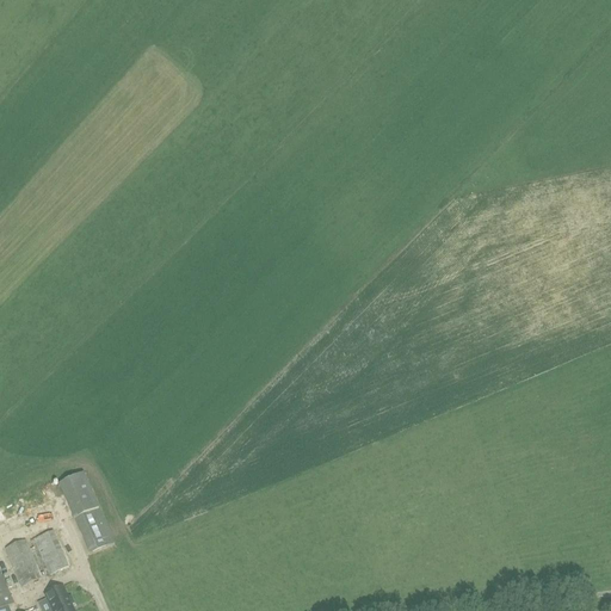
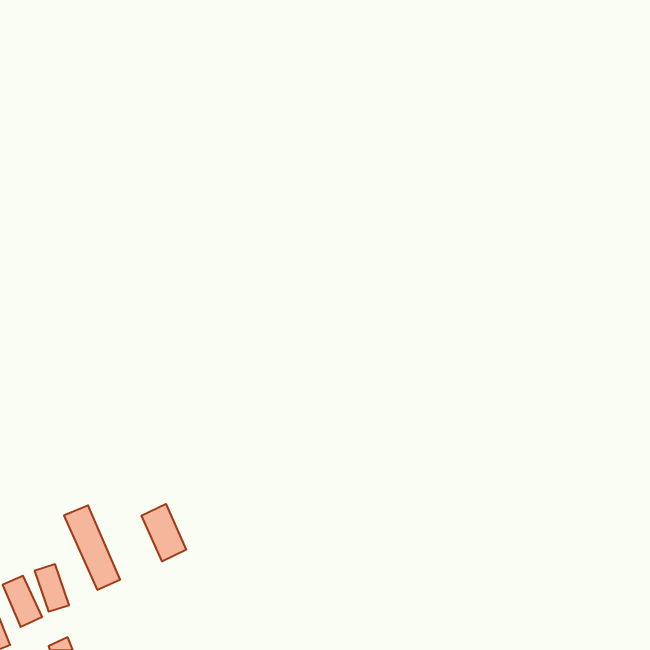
building: none -> [142,504,186,561]

